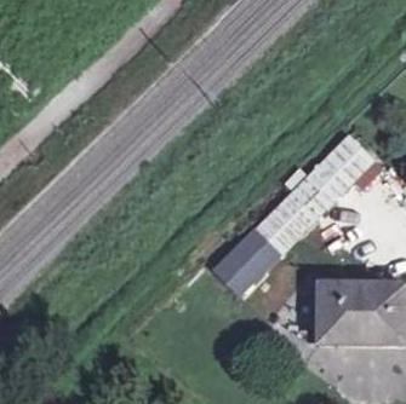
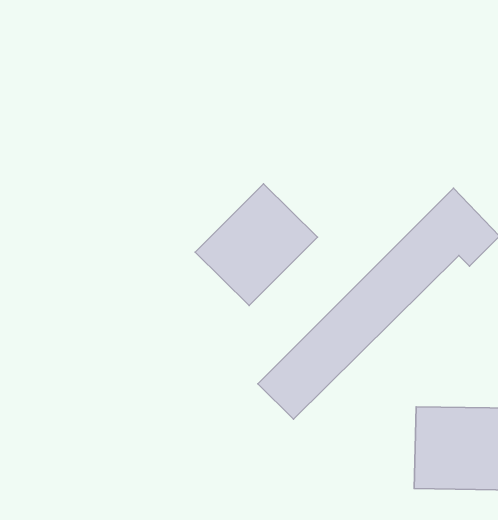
building: none -> [195,184,318,306]

